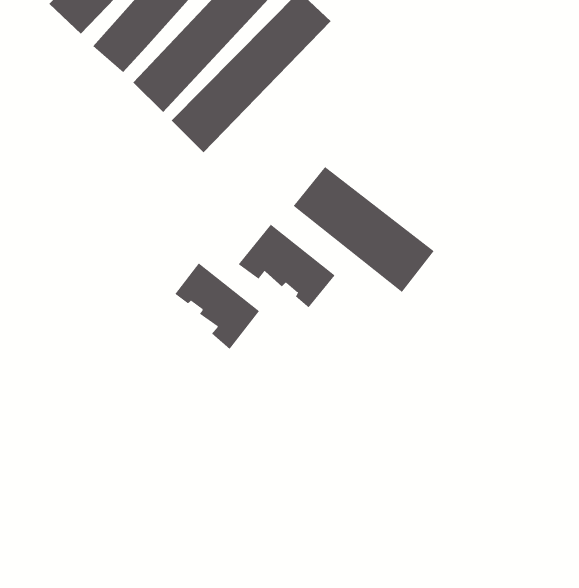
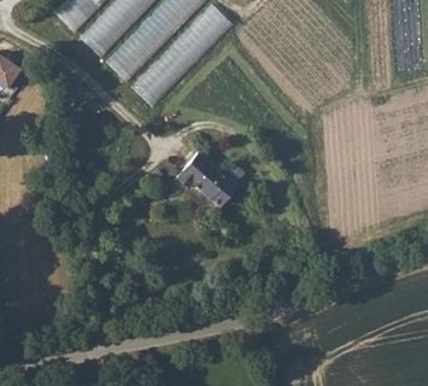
building: [293,166,434,293] -> none
building: [174,262,260,350] -> none

